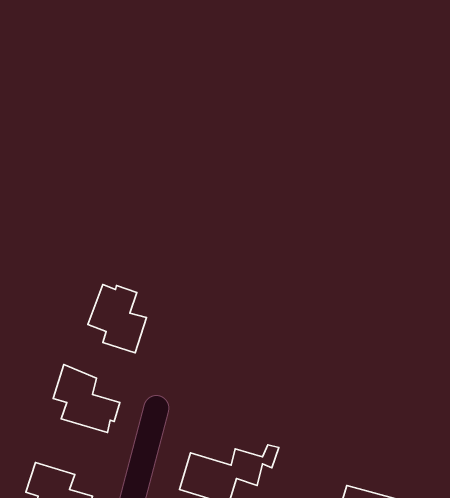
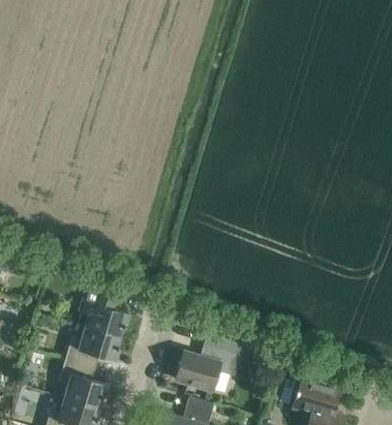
building: [88,284,147,353] -> none
building: none -> [65,327,120,369]

